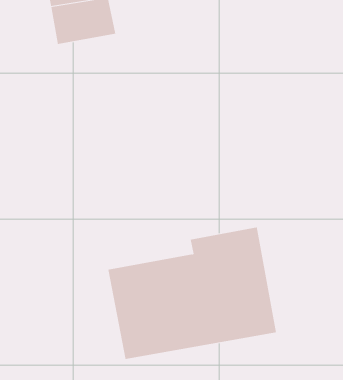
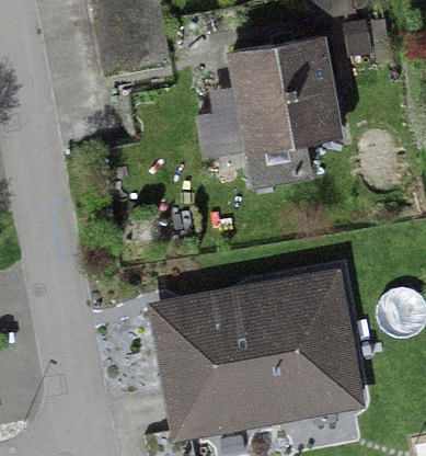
building: none -> [229,37,335,186]

